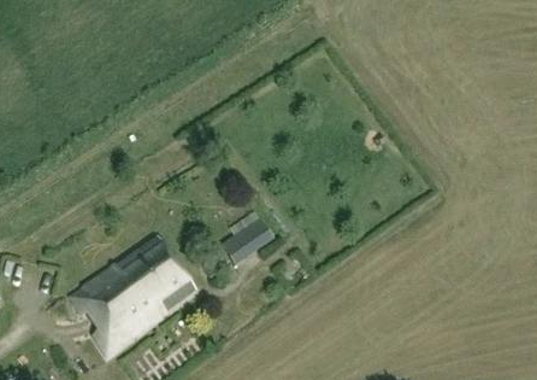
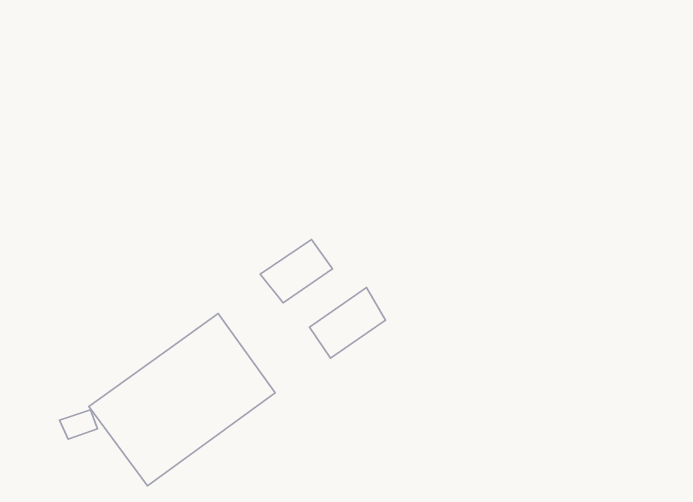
building: none -> [260,239,333,303]

